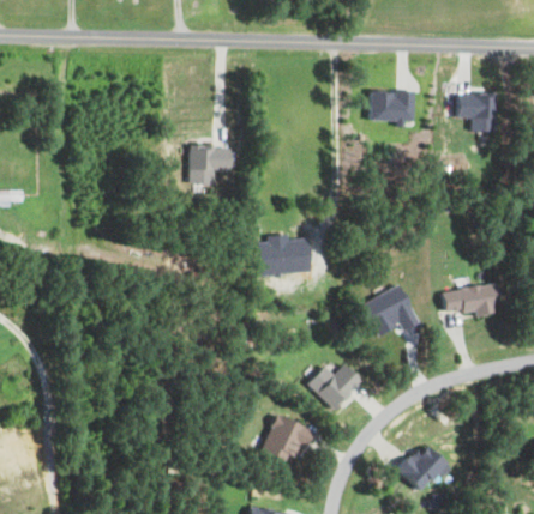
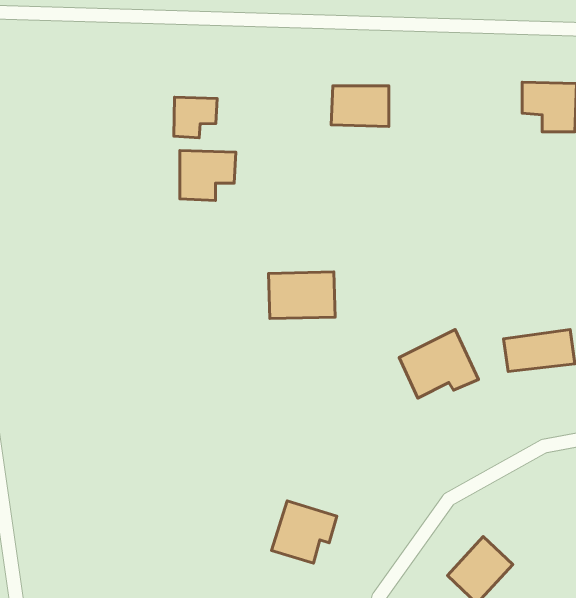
building: [370,91,414,122] -> [331,86,389,126]
building: none -> [174,97,217,138]
building: [307,364,362,410] -> none

